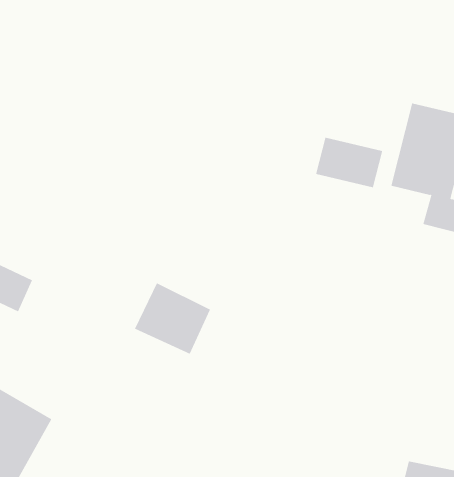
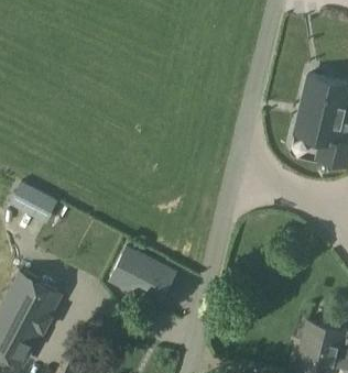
building: [316,137,383,188] -> none
building: [134,282,211,354] -> [111,249,164,298]

